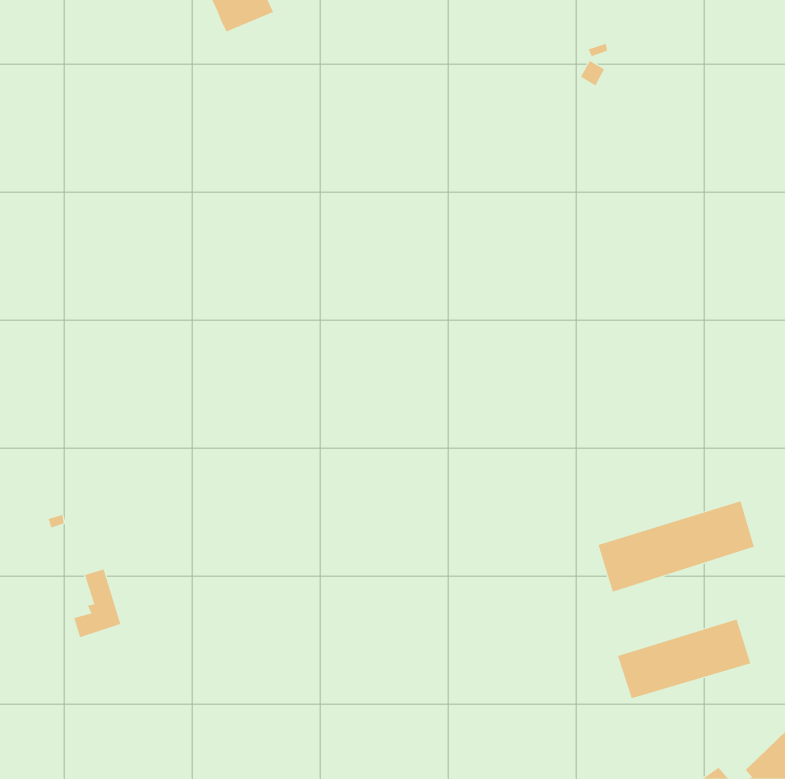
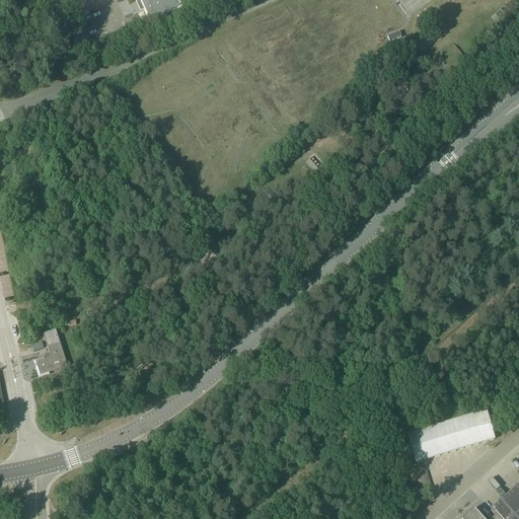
building: [598,500,755,593] -> none
building: [73,569,121,638] -> [36,326,68,372]

